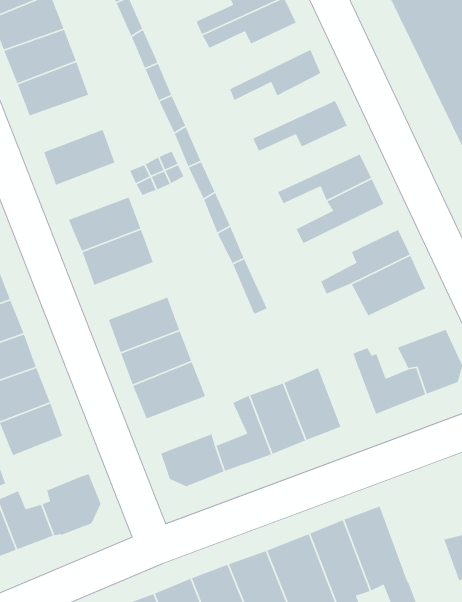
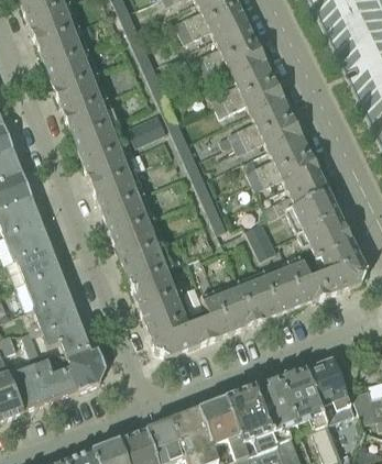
building: none -> [192,24,257,71]
building: none -> [210,60,274,107]
building: none -> [55,76,108,117]
building: none -> [228,98,292,145]
building: none -> [74,124,127,165]
building: none -> [251,154,319,191]
building: none -> [101,196,154,236]
building: none -> [297,214,353,258]
building: none -> [244,222,276,259]
building: none -> [262,261,303,313]
building: none -> [139,291,190,332]
building: none -> [43,320,91,358]
building: none -> [306,358,353,423]

